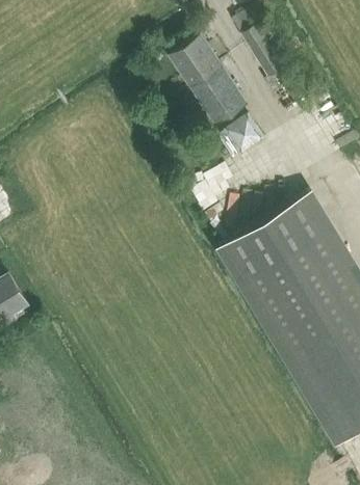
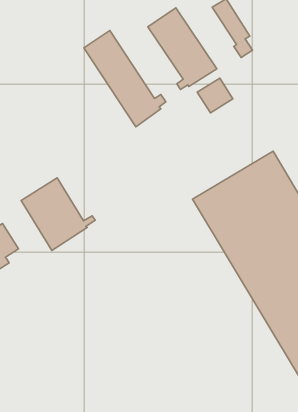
building: none -> [84,30,166,127]
building: none -> [21,178,95,251]

